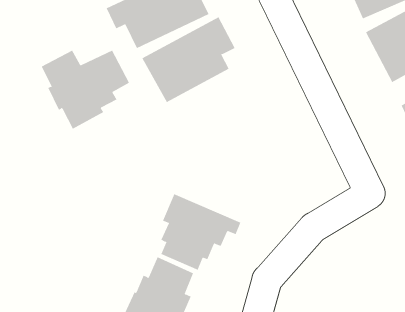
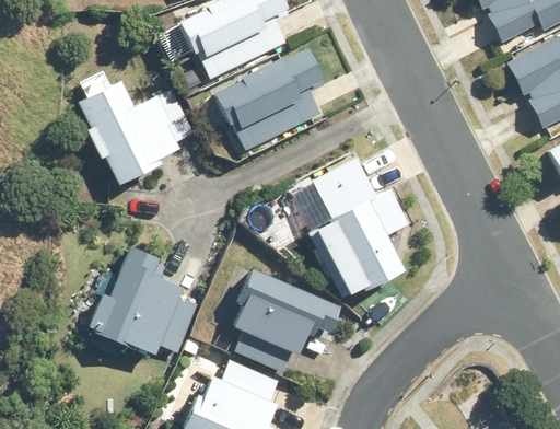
building: none -> [313,156,409,301]
building: none -> [89,250,197,359]

